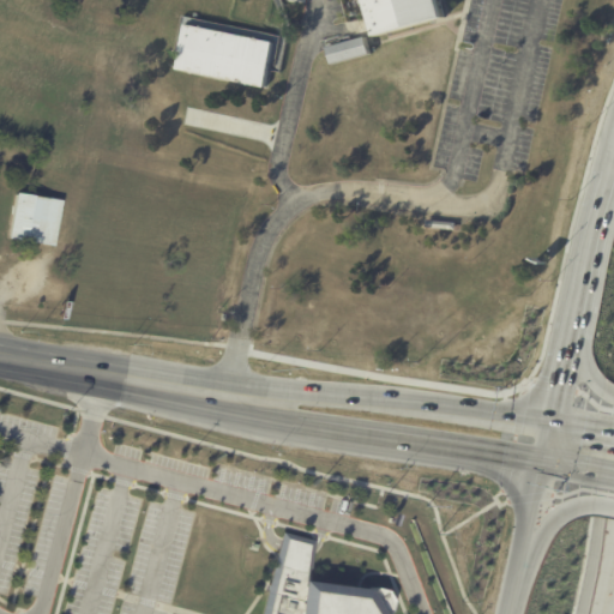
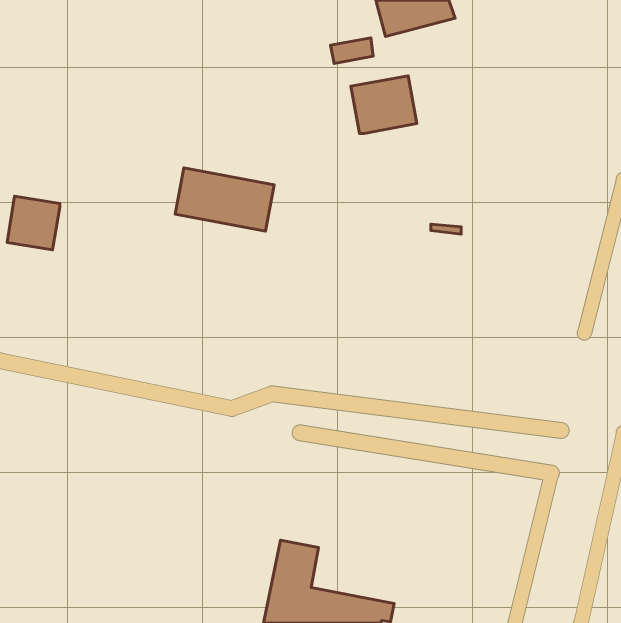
building: [177,24,275,86] -> [175,168,274,231]
building: none -> [351,76,417,134]

